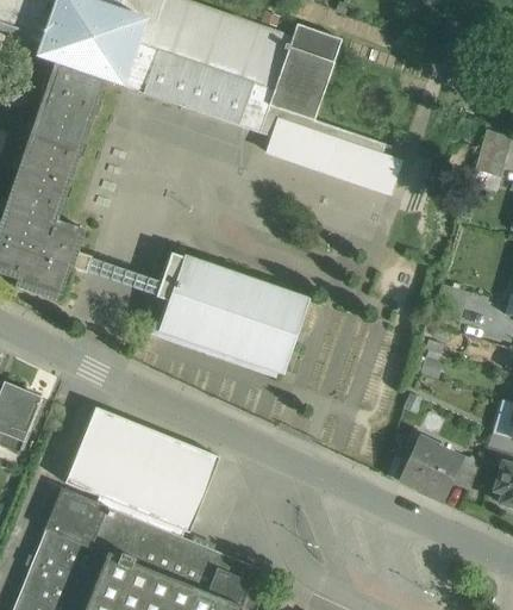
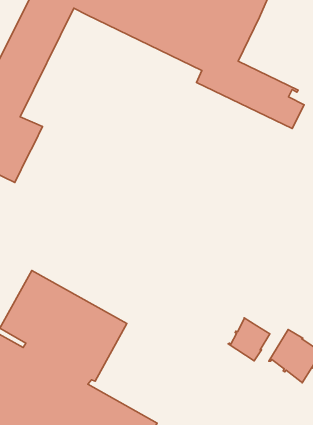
building: [73,253,308,373] -> none
building: none -> [228,318,270,361]

